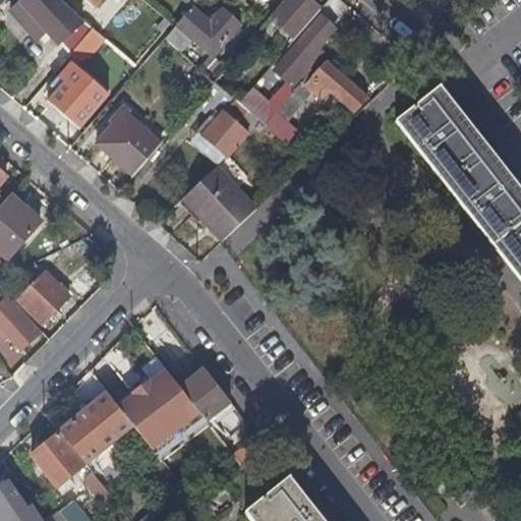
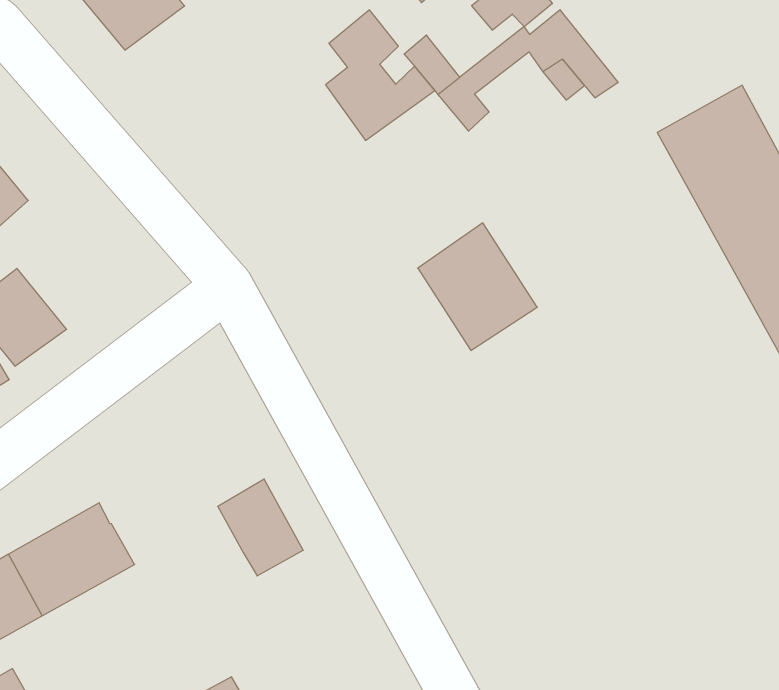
building: [99,112,161,174] -> none
building: [184,164,257,239] -> [418,223,537,350]
building: [116,365,195,445] -> none

